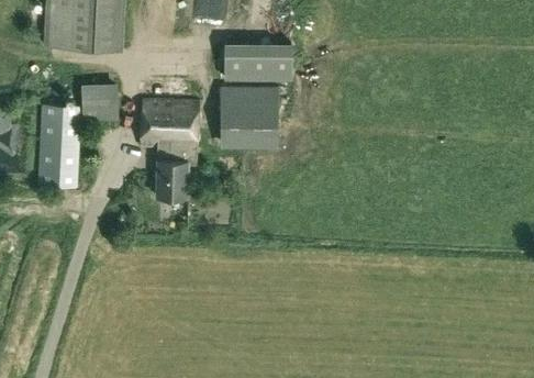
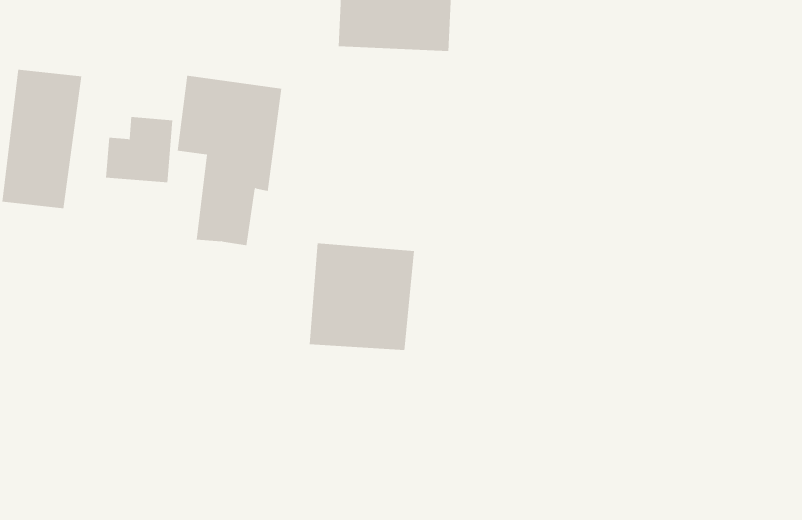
building: [82,84,120,121] -> [105,117,173,183]
building: [219,90,277,151] -> [309,243,415,350]

